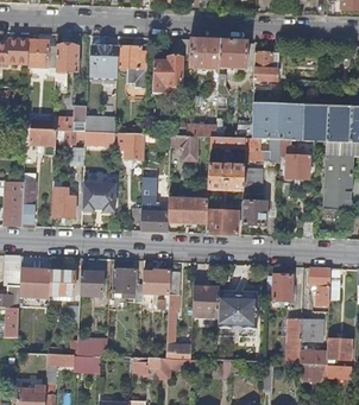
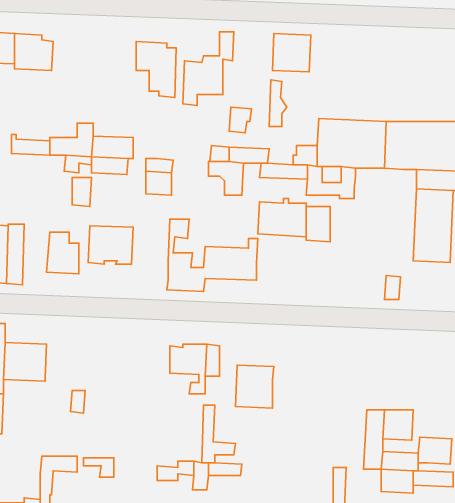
building: [188,39,219,71] -> none
building: [53,46,76,90] -> none
building: [89,46,116,80] -> none
building: [252,52,276,81] -> none
building: [24,129,55,154] -> none
building: [278,146,309,179] -> none
building: [241,202,265,226] -> none
building: [204,210,237,235] -> none
building: [308,267,329,306] -> none
building: [112,270,141,302] -> none
building: [49,271,74,296] -> none
building: [78,272,102,296] -> none
building: [272,274,292,302] -> none
building: [216,297,256,325] -> none
building: [76,337,107,356] -> none

